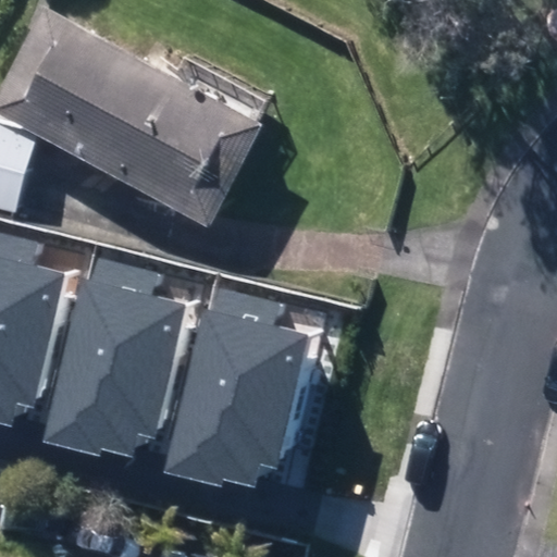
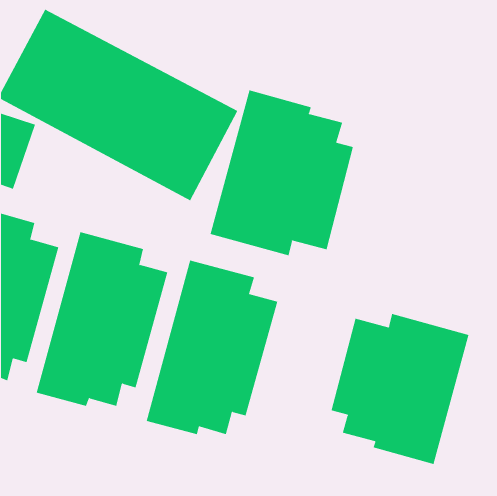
building: none -> [210,89,354,256]
building: none -> [331,313,469,465]

